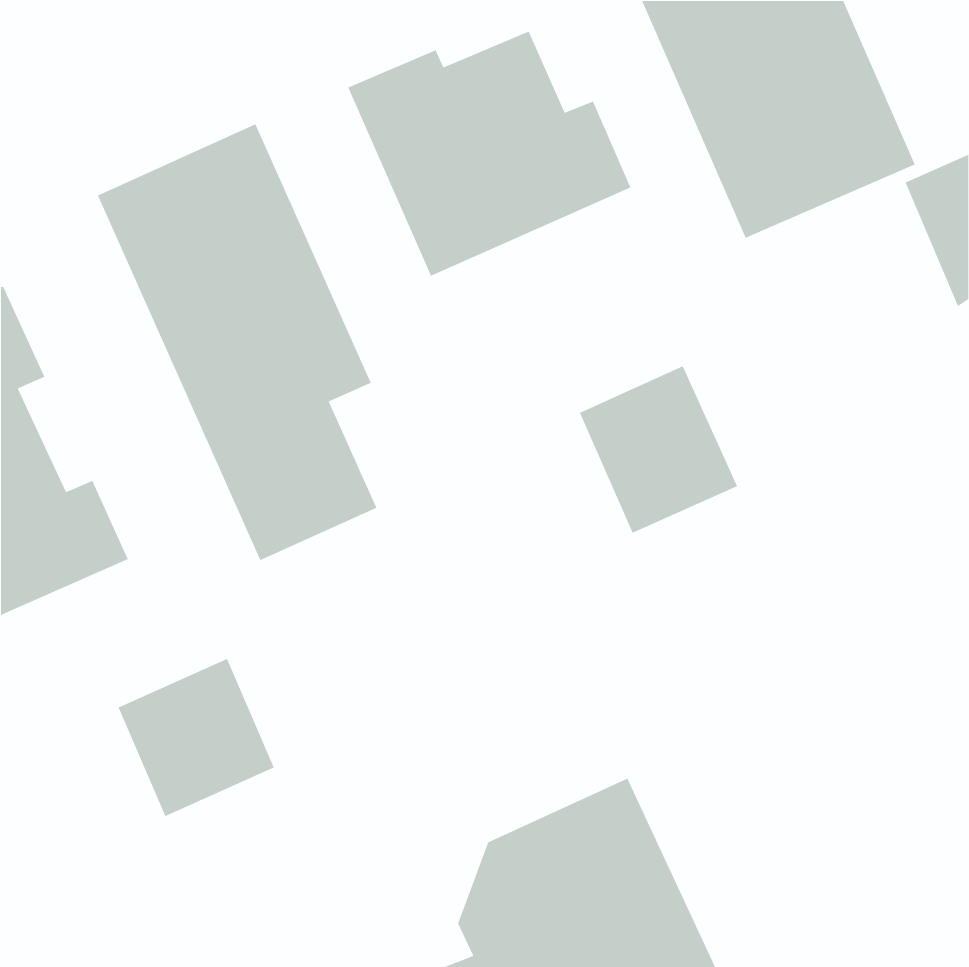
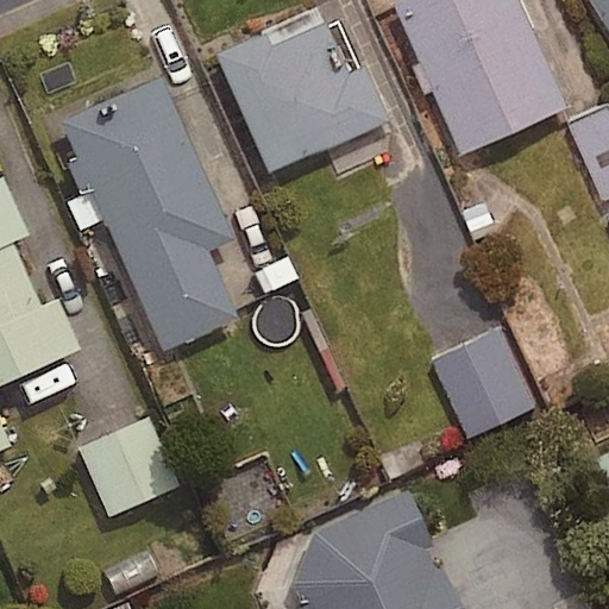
building: [579,365,738,534] -> [433,322,533,428]

